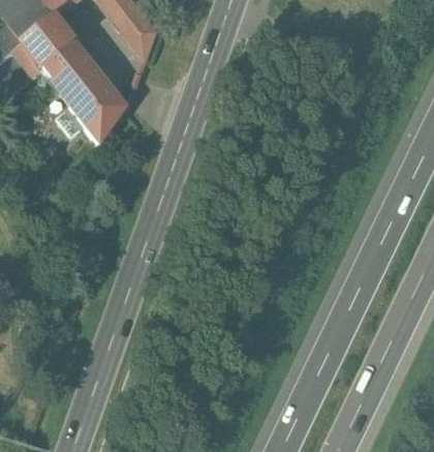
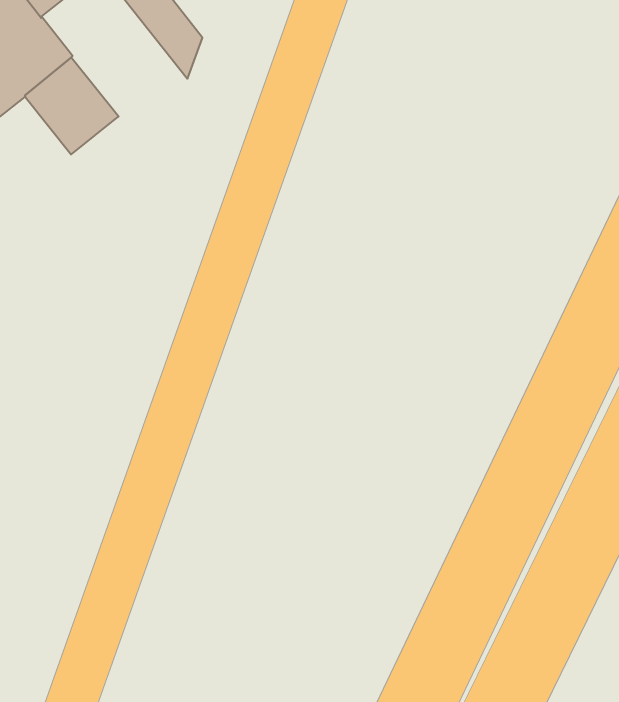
building: [58,78,127,144] -> none

